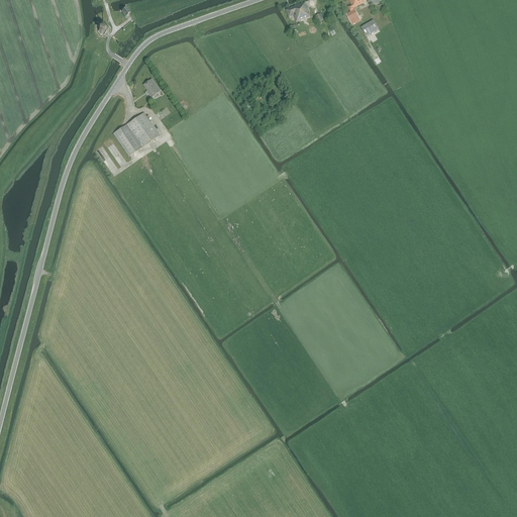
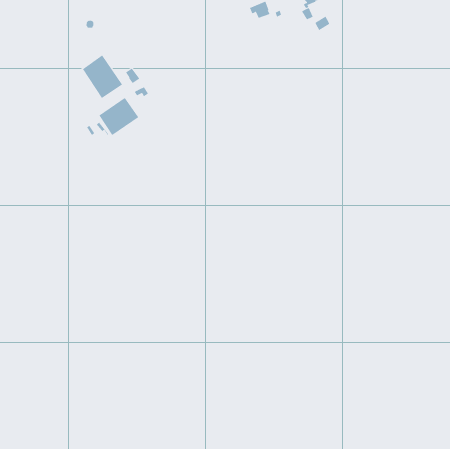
building: none -> [82,54,123,99]

